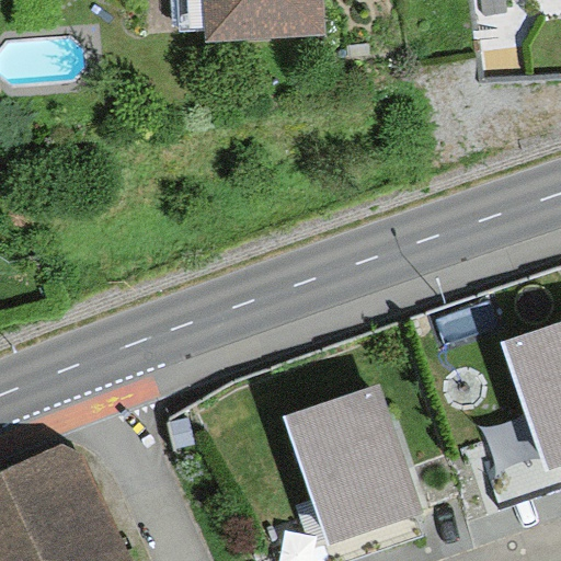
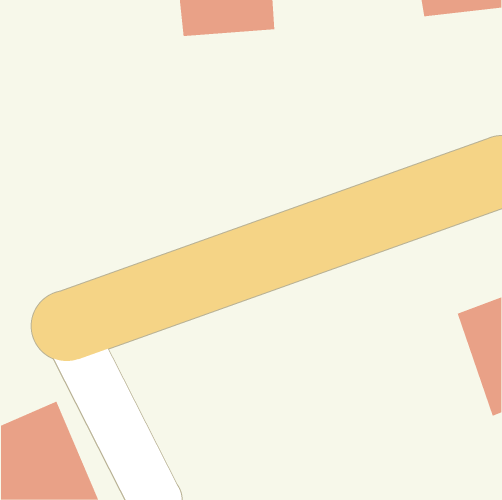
building: [290,393,415,538] -> none

